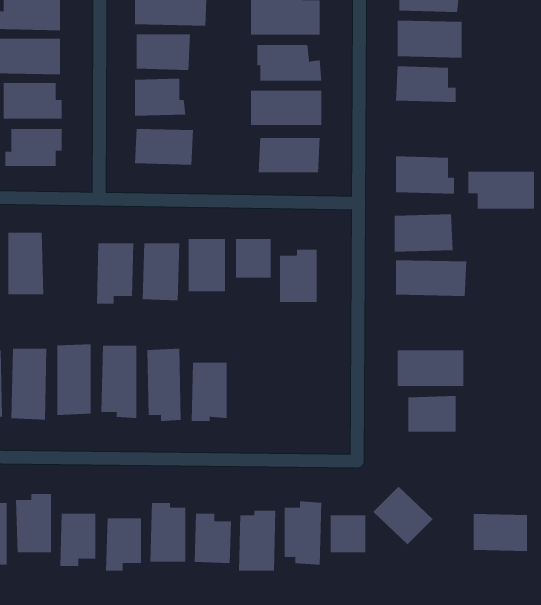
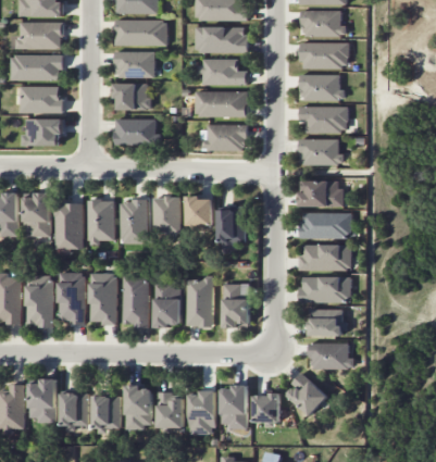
building: [468,171,535,209] -> [299,105,347,133]
building: none -> [55,200,83,249]
building: none -> [300,244,350,270]
building: none -> [186,275,213,326]
building: none -> [223,284,249,327]
building: [473,513,528,552] -> [310,342,349,370]

